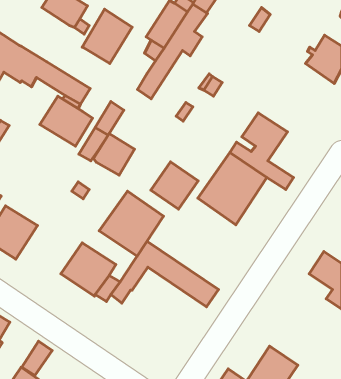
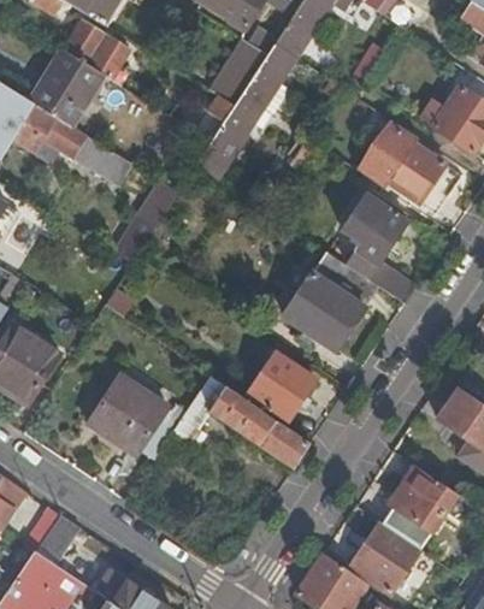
building: [82,9,132,63] -> [33,48,102,124]
building: none -> [358,120,461,213]
building: [40,96,93,146] -> none
building: [93,134,135,175] -> none
building: [151,162,198,209] -> [249,353,315,419]
building: [99,191,164,256] -> none
building: none -> [384,465,459,548]

